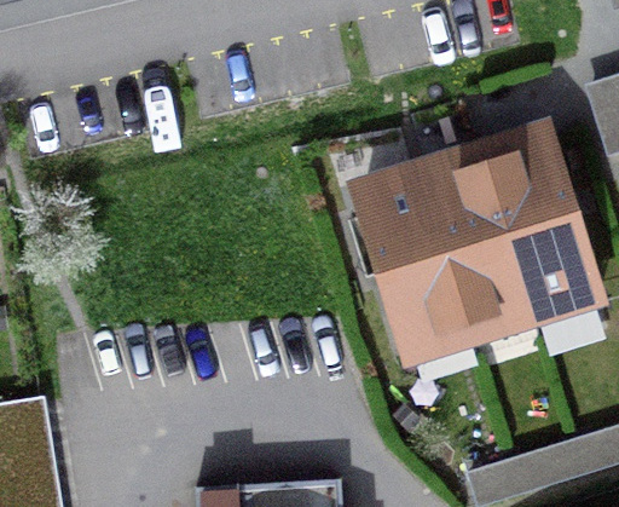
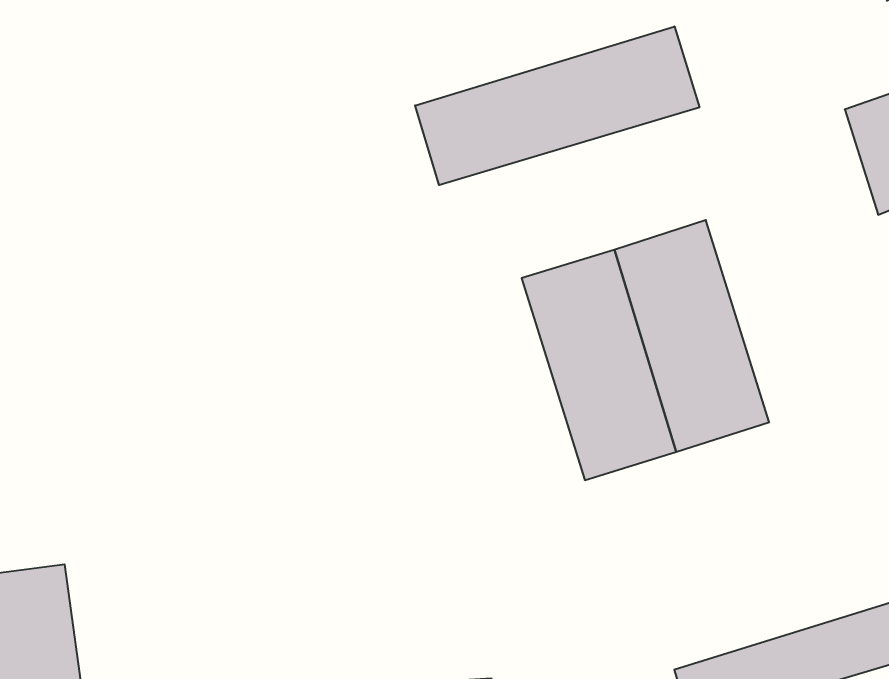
building: none -> [415,26,699,185]
building: [487,144,595,303] -> none

